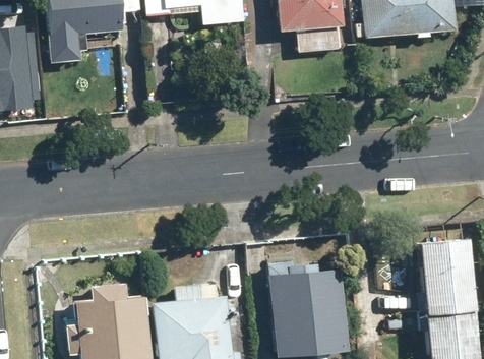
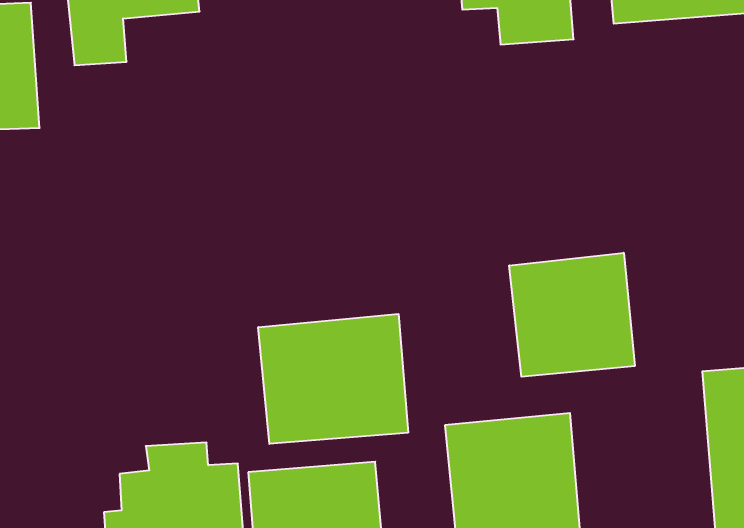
building: none -> [509,253,635,377]
building: none -> [258,314,408,444]

